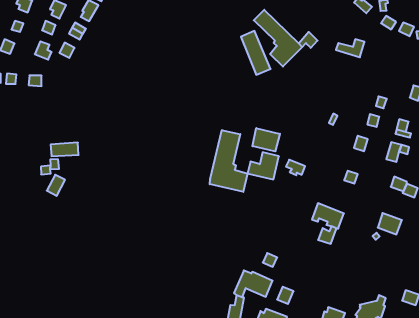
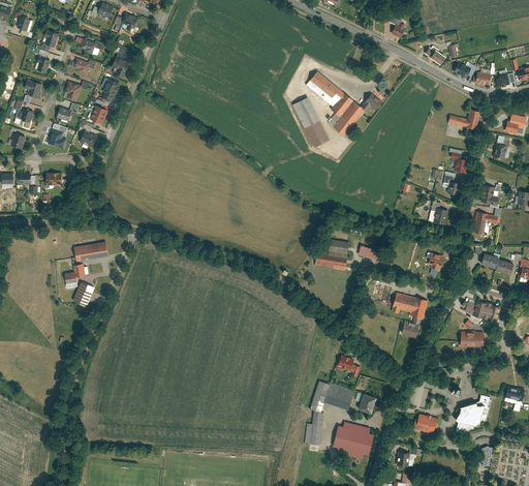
building: [336,39,365,57] -> [447,110,480,130]
building: [252,128,280,151] -> none
building: [210,130,248,192] -> none
building: none -> [461,331,485,348]

